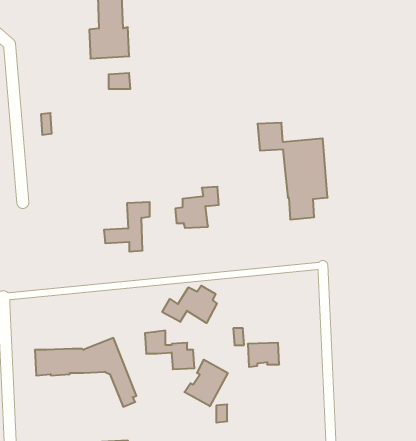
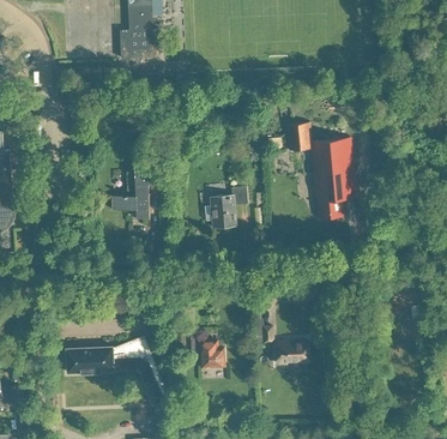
building: [104,202,150,252] -> [111,169,157,218]
building: [162,286,217,323] -> none
building: [184,360,228,406] -> none

